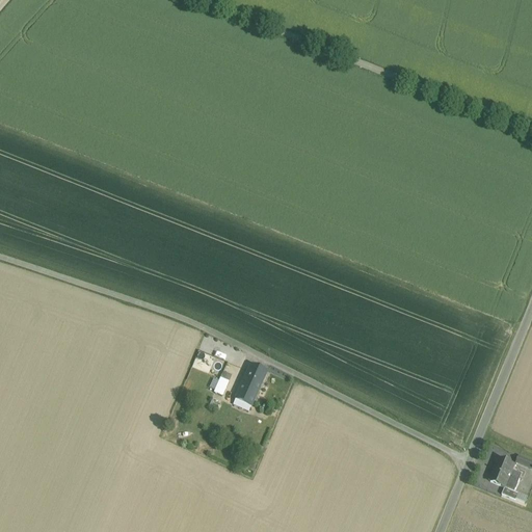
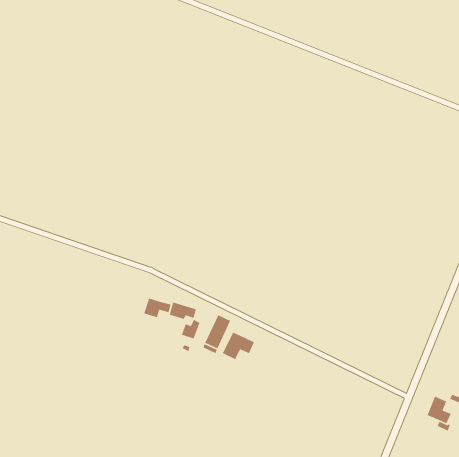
building: none -> [143,298,172,318]
building: none -> [222,332,255,360]

